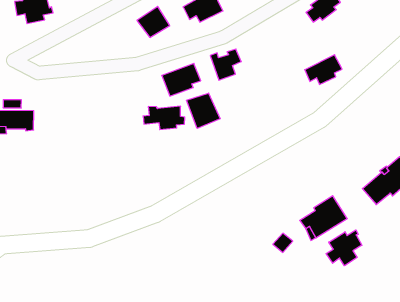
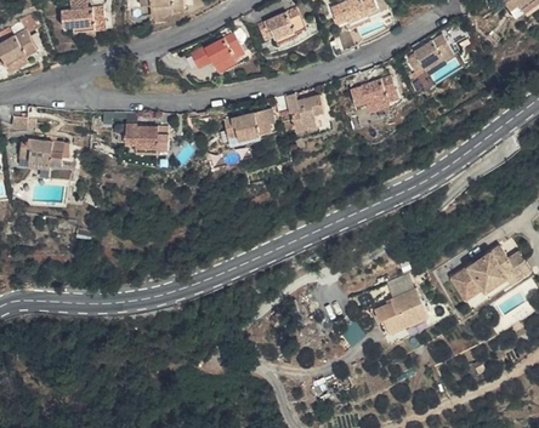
building: [305,55,342,84] -> [351,75,396,109]
building: [186,93,220,128] -> none
building: [143,106,185,130] -> [120,122,170,152]
building: [326,230,362,266] -> none

